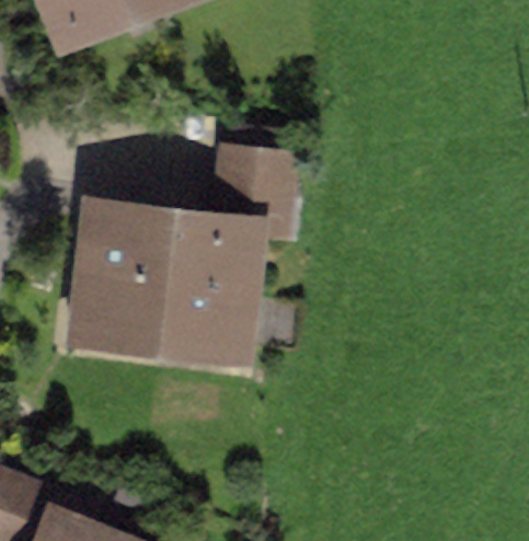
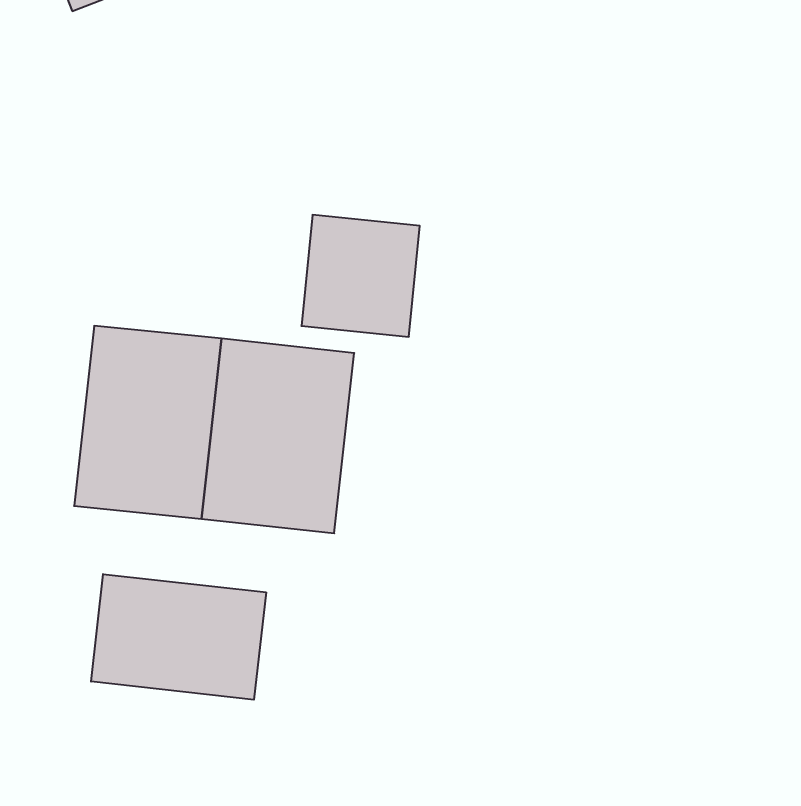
building: none -> [91,574,266,700]

